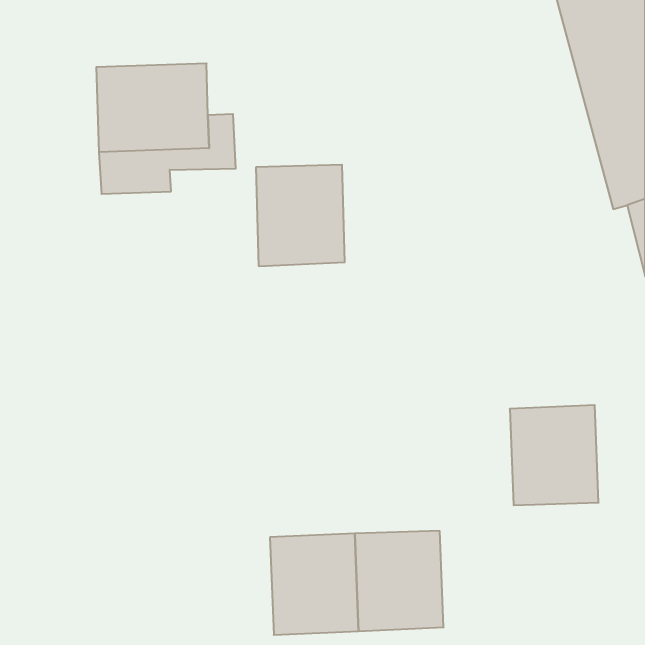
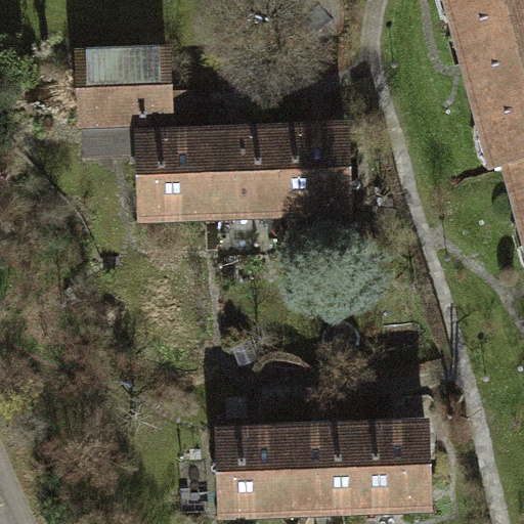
building: none -> [276,130,348,212]
building: none -> [137,135,209,217]
building: [510,405,599,505] -> [355,426,427,507]

